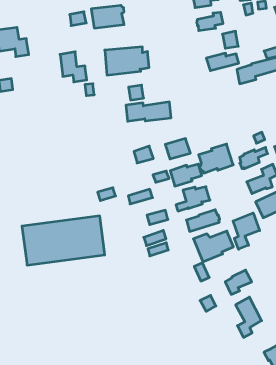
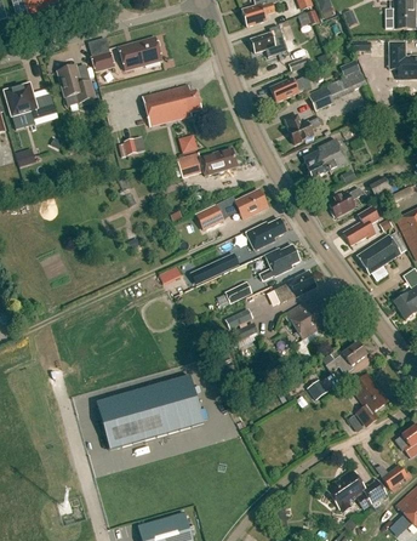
building: [60,52,87,82] -> [57,64,95,102]
building: none -> [285,113,321,143]
building: [199,144,233,173] -> [303,138,348,178]
building: [233,213,260,249] -> none
building: [22,216,105,265] -> [96,375,204,449]

